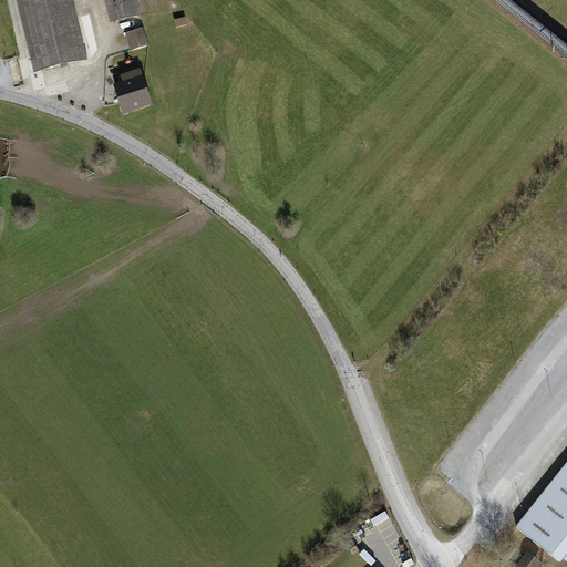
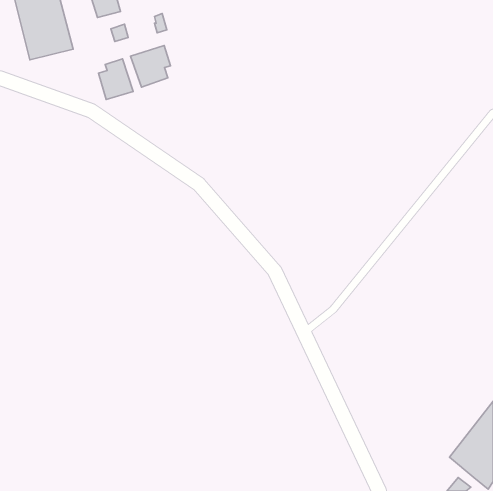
building: none -> [130,45,171,87]

